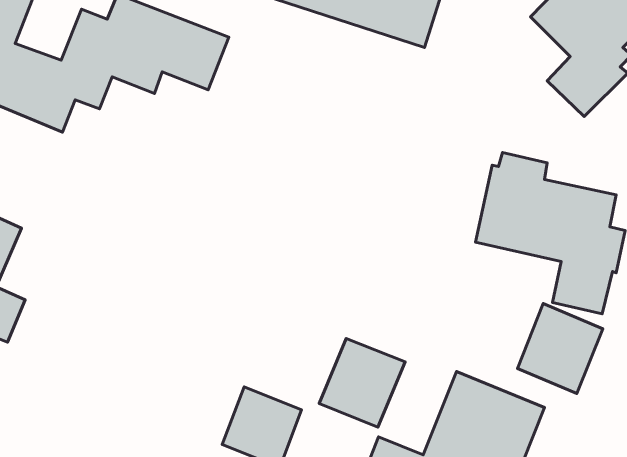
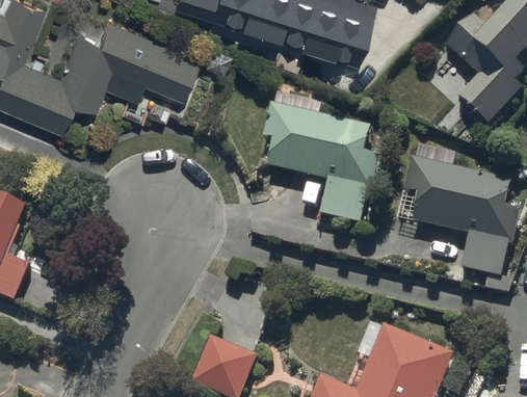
building: none -> [257,94,381,224]
building: [517,304,603,394] -> none
building: [319,338,405,427] -> none

